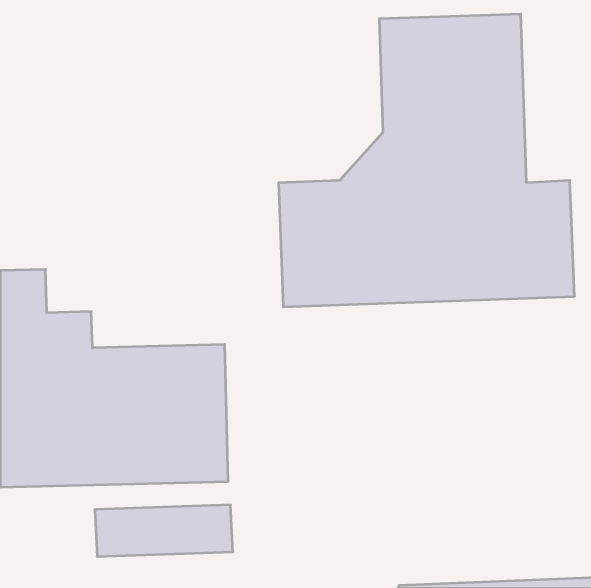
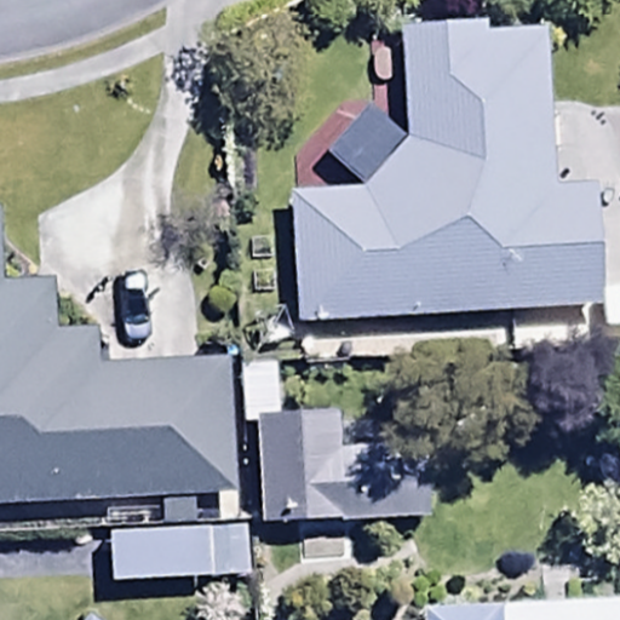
building: none -> [254,407,345,521]

